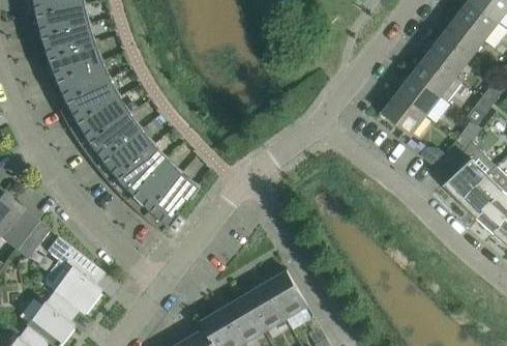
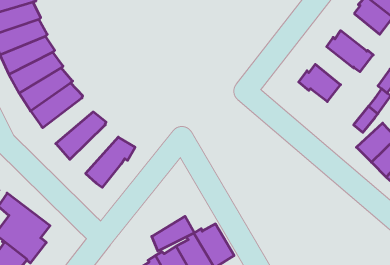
building: [426,35,470,79] -> none
building: [398,74,441,116] -> none
building: [96,131,153,181] -> none
building: [126,161,181,214] -> none
building: none -> [152,216,195,251]

